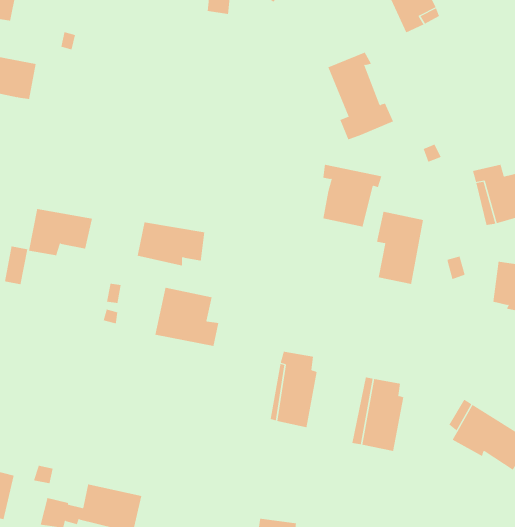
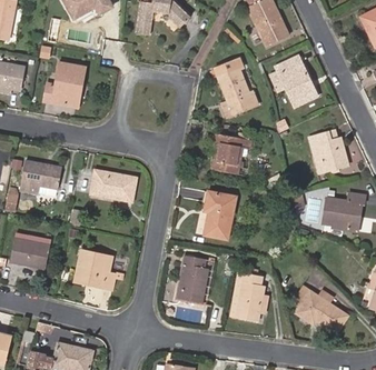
building: none -> [275,57,317,106]
building: none -> [46,62,85,106]
building: [376,211,424,284] -> [204,191,235,239]
building: [155,287,219,347] -> [73,250,116,289]
building: none -> [10,238,49,268]

